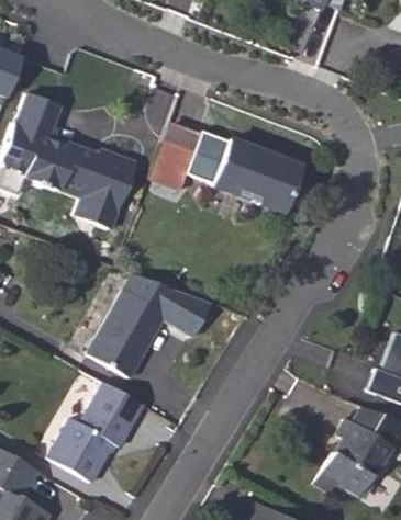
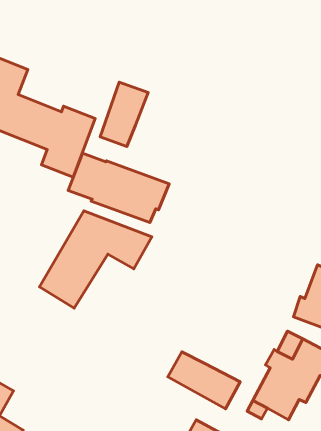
building: [187,127,302,206] -> [68,153,169,222]
building: [45,378,152,484] -> none
building: none -> [168,352,240,409]

